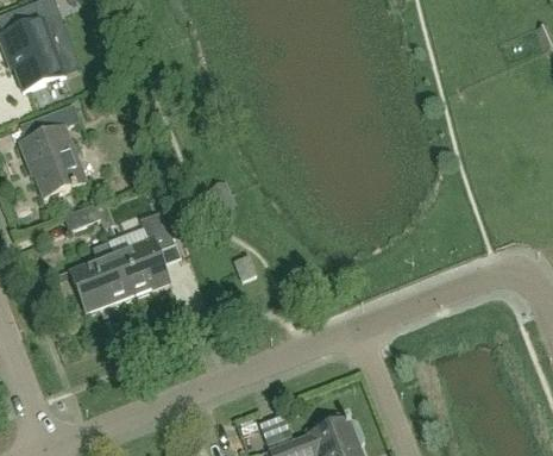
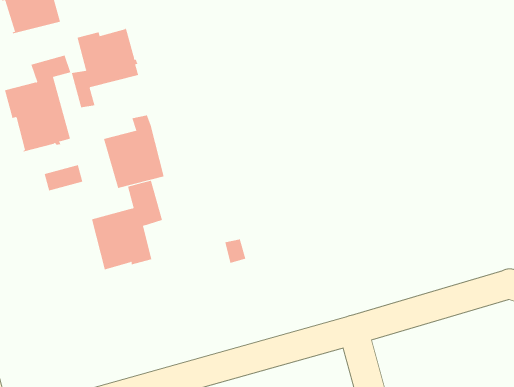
building: none -> [71,26,139,108]
building: [68,243,127,313] -> [103,115,165,188]

